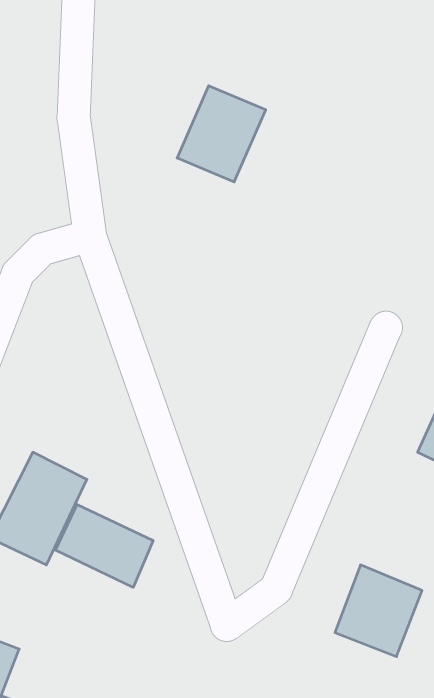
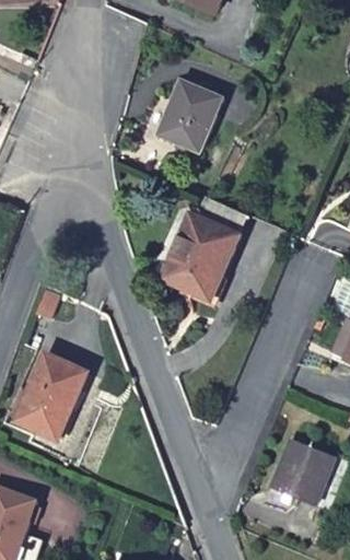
building: none -> [160,201,244,304]
building: [56,504,153,587] -> none

